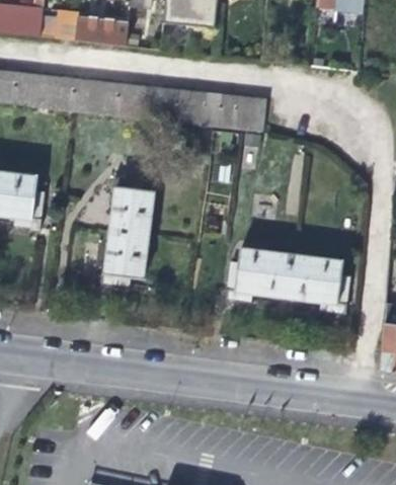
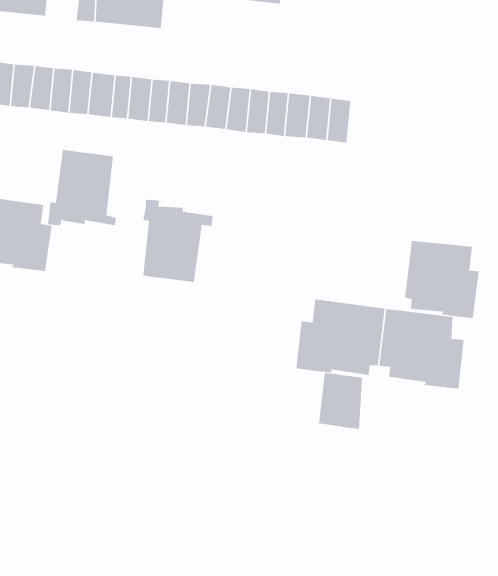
building: none -> [404,240,479,319]
building: [100,229,152,286] -> [47,149,117,226]
building: none -> [318,372,363,430]

